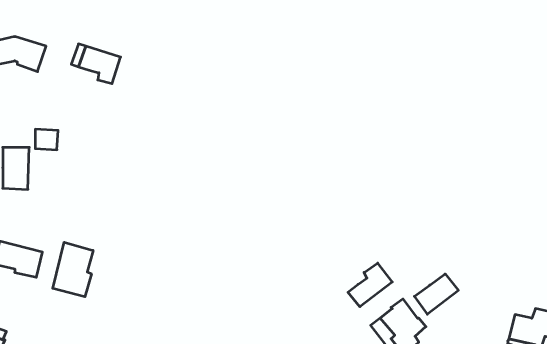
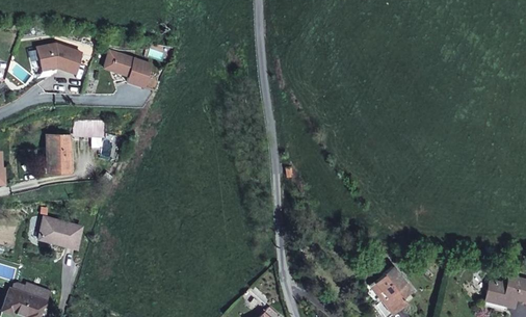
building: [53,242,93,297] -> none
building: [348,263,392,307] -> none
building: [414,274,458,314] -> none

